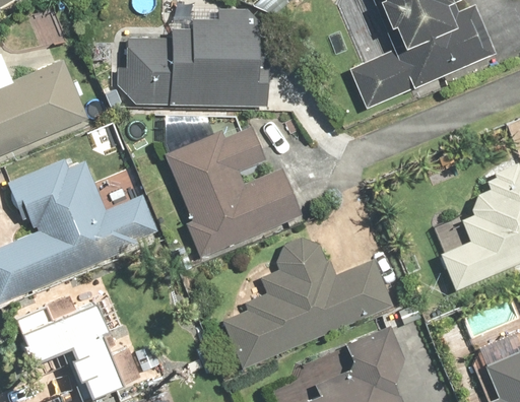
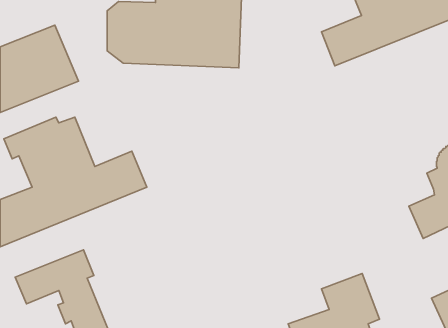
building: [160,125,301,261] -> none
building: [222,238,396,370] -> none

